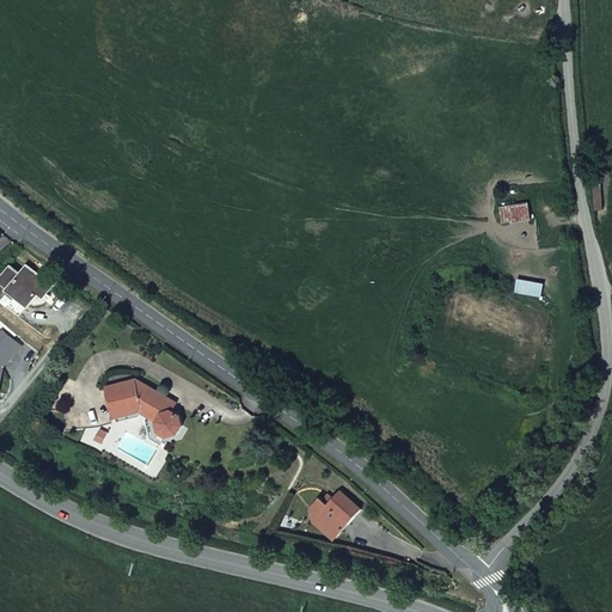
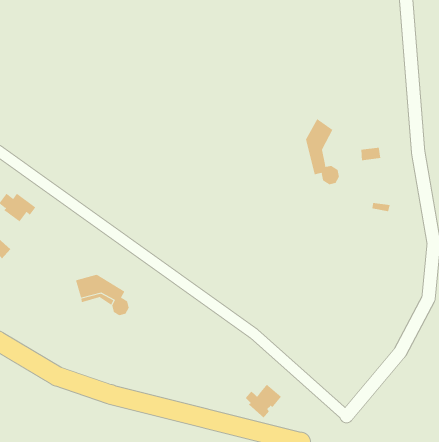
building: none -> [306,118,339,185]
building: [305,490,356,538] -> [245,384,282,418]

